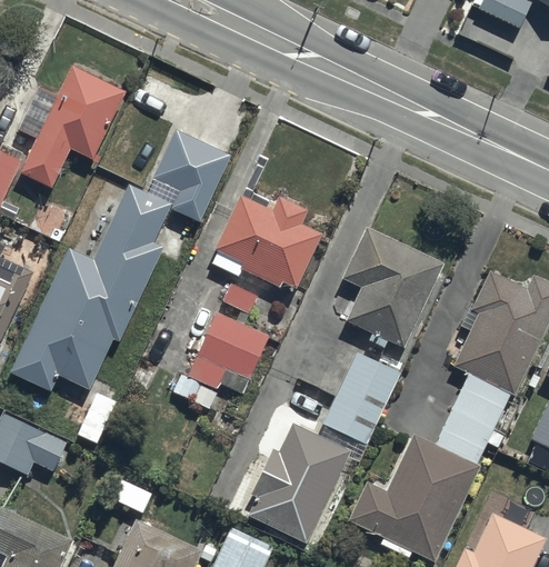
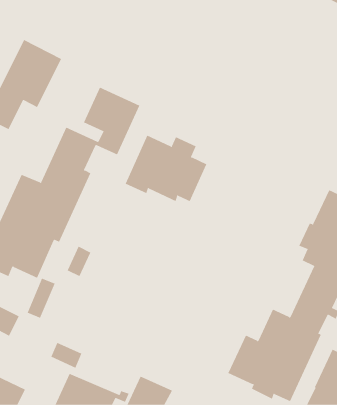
building: [329,227,443,348] -> none
building: [171,282,267,408] -> none
building: [322,354,399,446] -> none
building: [249,424,351,543] -> none

